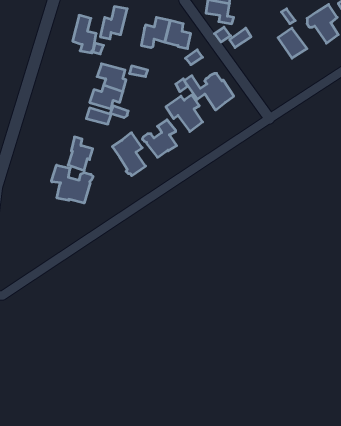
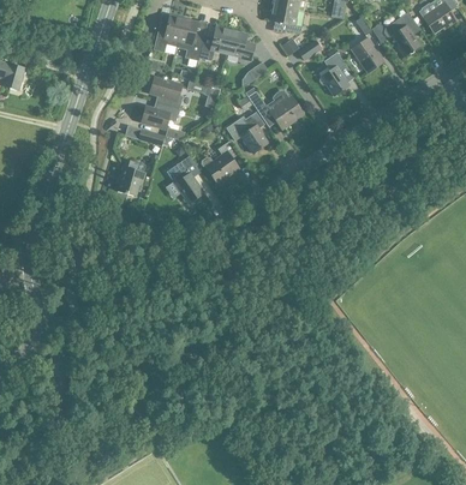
building: [73,15,96,53] -> [177,17,203,59]
building: none -> [319,53,350,96]
building: [51,165,93,203] -> none

